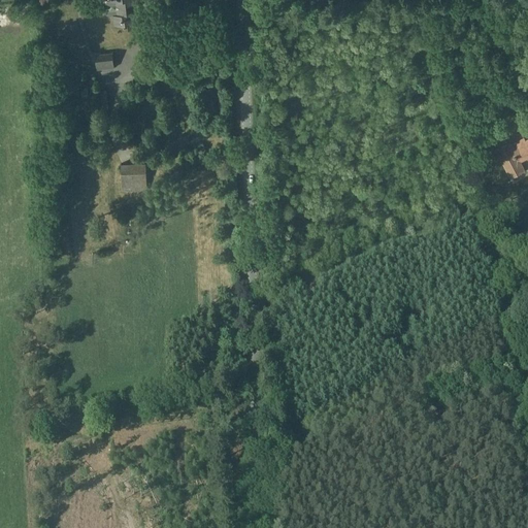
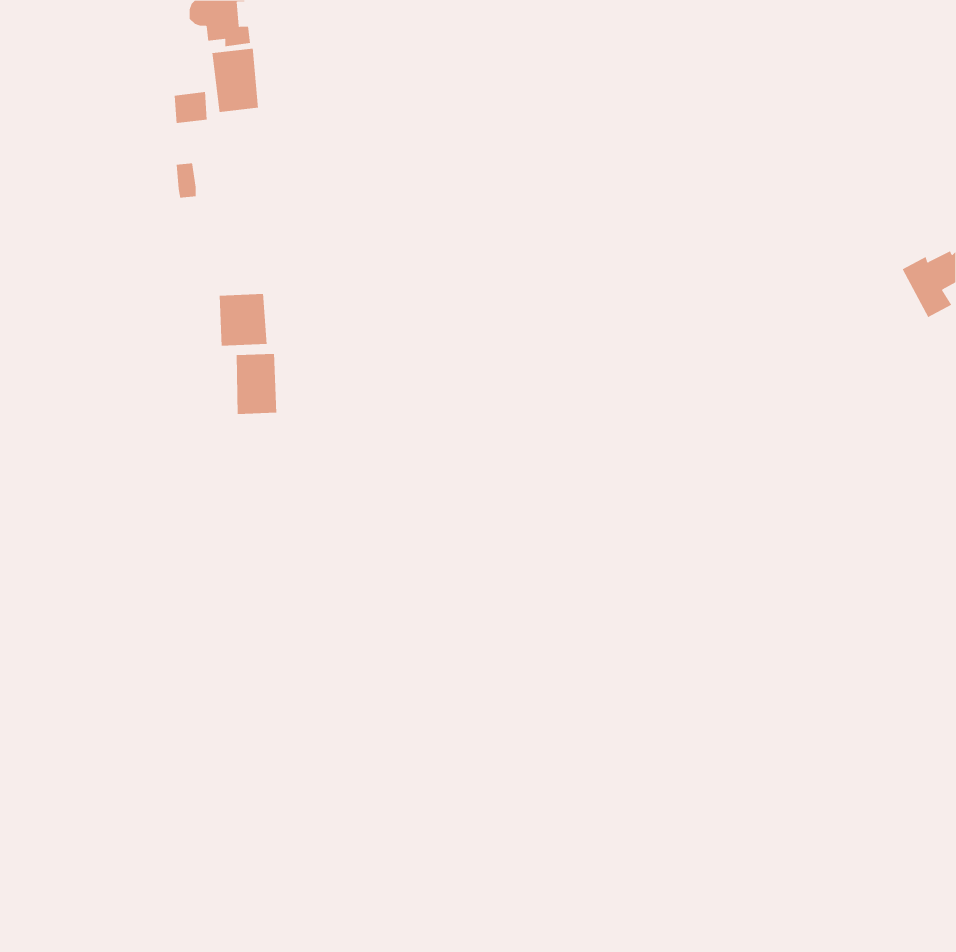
building: none -> [212,48,259,113]
building: none -> [236,353,277,415]

